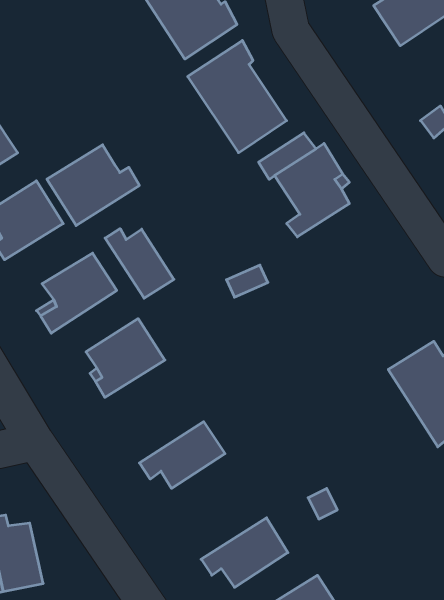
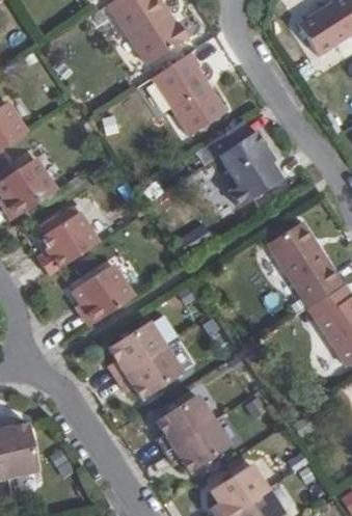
building: [47,145,139,226] -> none
building: [105,229,174,298] -> none
building: none -> [268,220,343,305]
building: none -> [105,319,164,378]
building: none -> [153,393,213,453]

